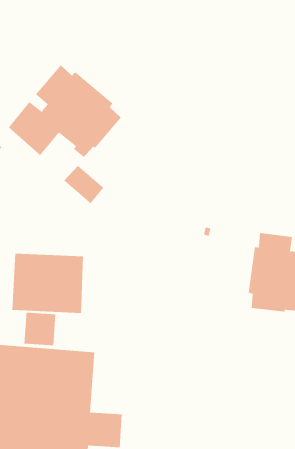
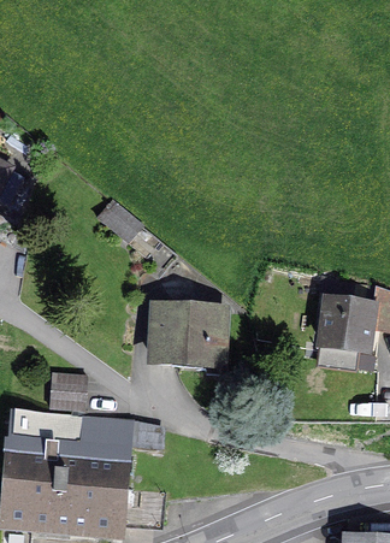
building: [8,64,122,158] -> none
building: [11,253,84,313] -> [144,301,230,372]

